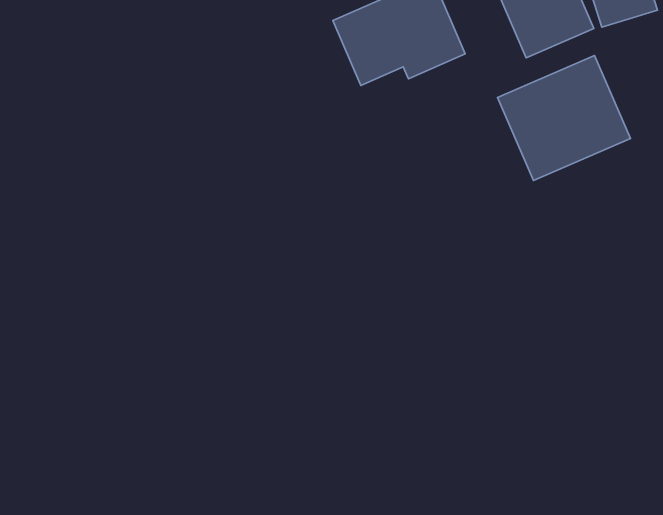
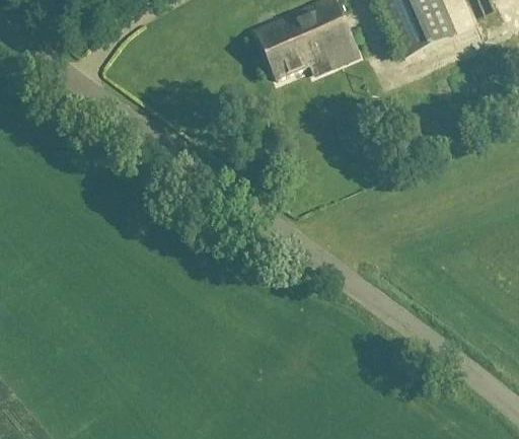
building: [497,55,631,181] -> none

